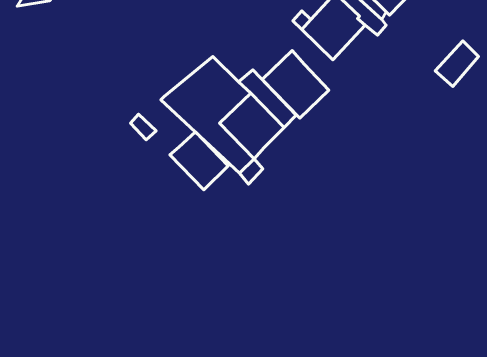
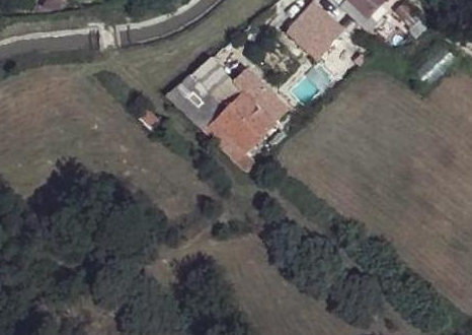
building: [262,51,329,118] -> none
building: [170,132,228,190] -> none

